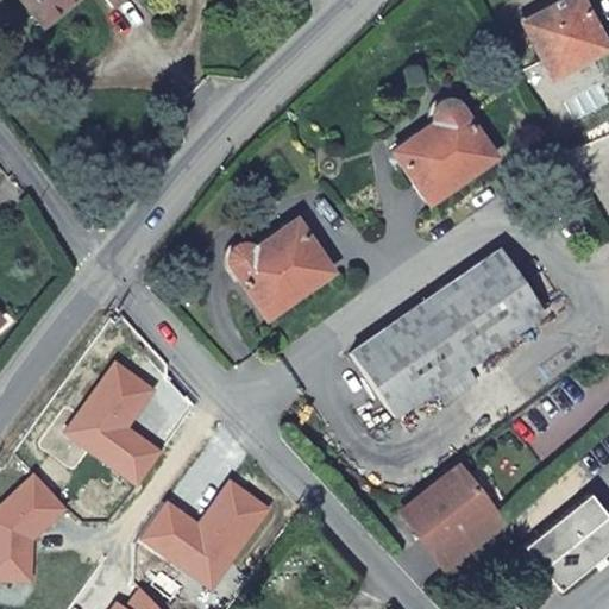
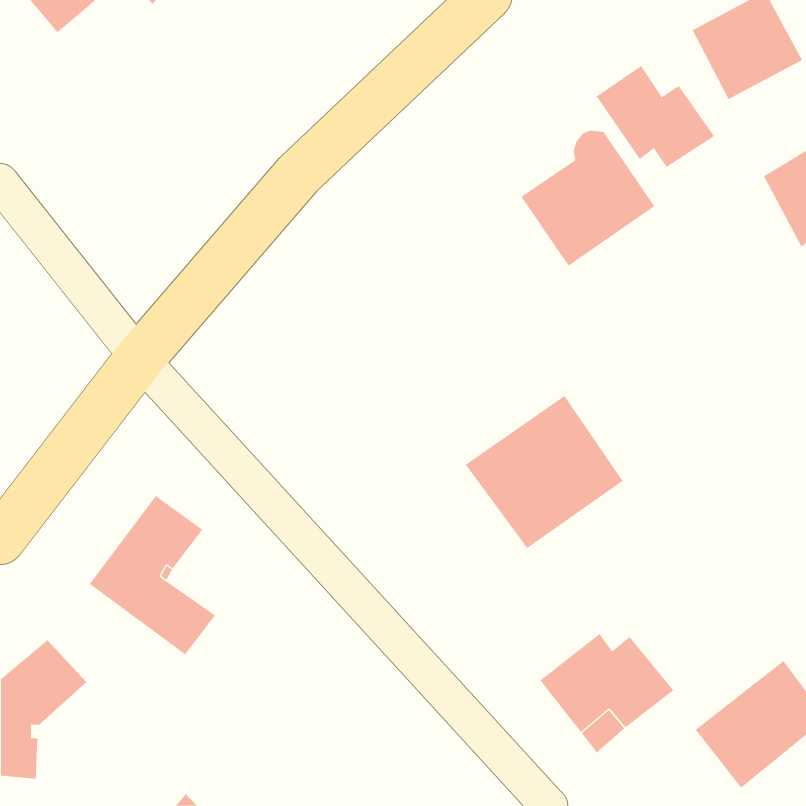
building: none -> [596,65,715,168]
building: [228,214,332,313] -> none
building: [427,246,542,360] -> none
building: [142,491,269,595] -> none

